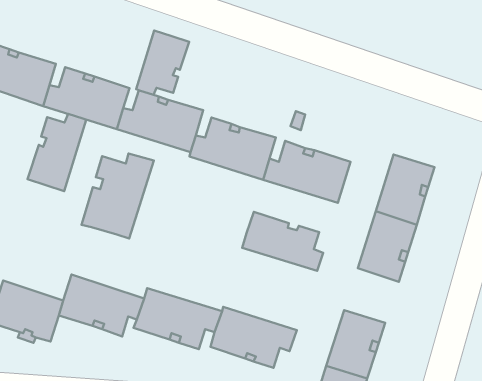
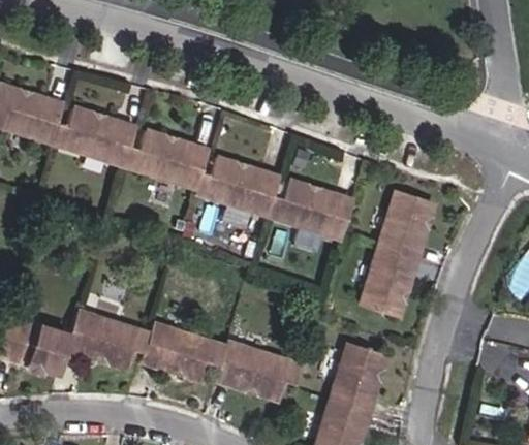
building: [136,30,189,95] -> none
building: [28,114,86,191] -> none
building: [81,153,154,238] -> none
building: [242,212,323,271] -> none

